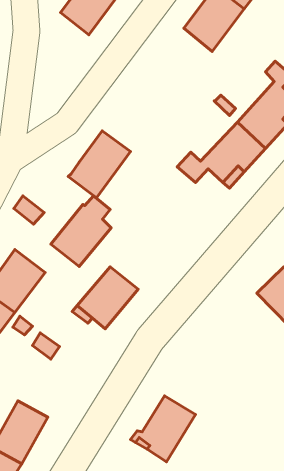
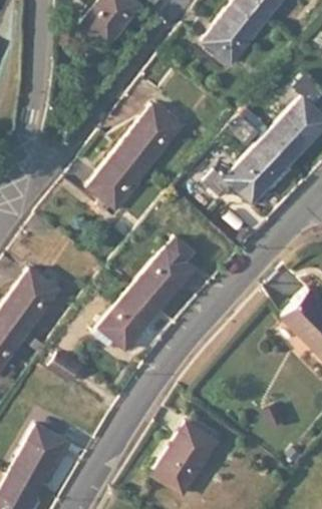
building: none -> [122,104,183,166]
building: [51,196,111,267] -> [130,235,193,309]

